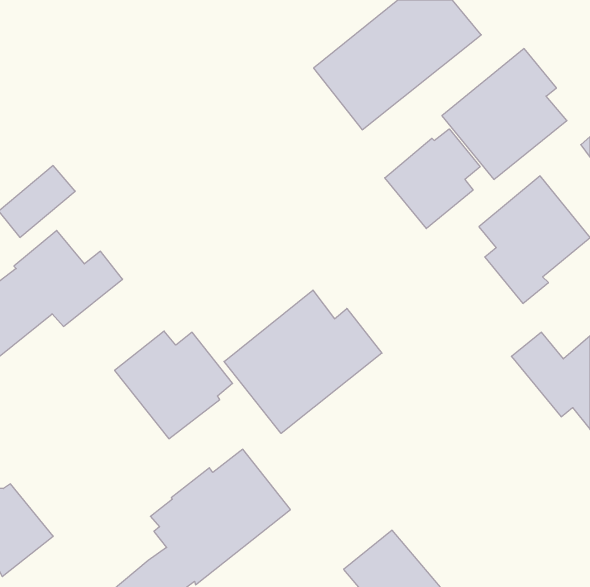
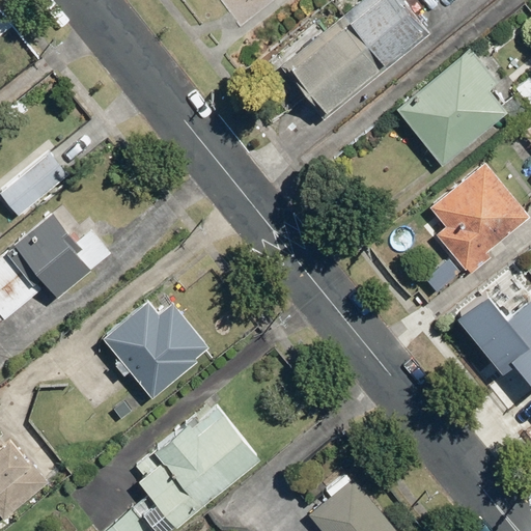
building: [385,129,480,229] -> none
building: [224,290,382,433] -> none

